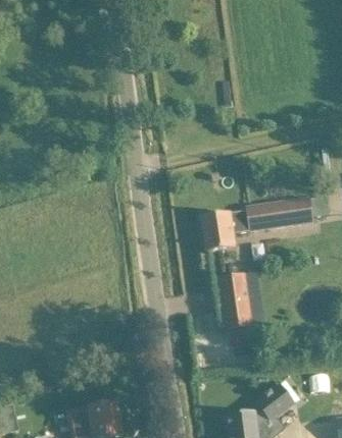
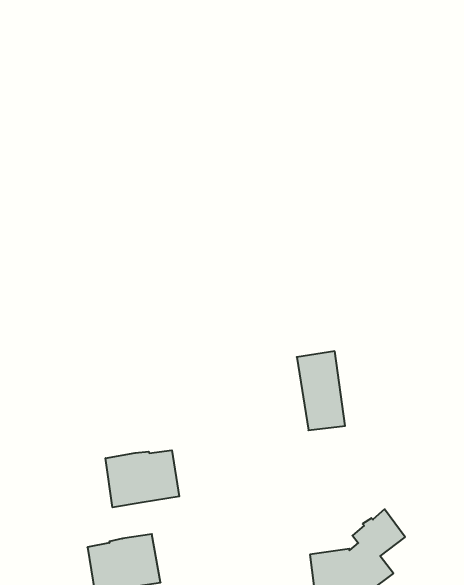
building: [202,196,313,250] -> none
building: none -> [106,450,179,507]

